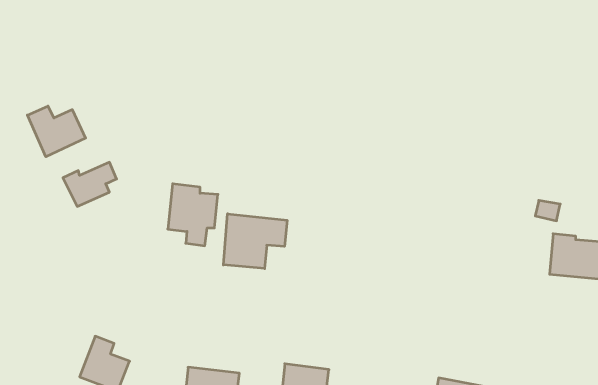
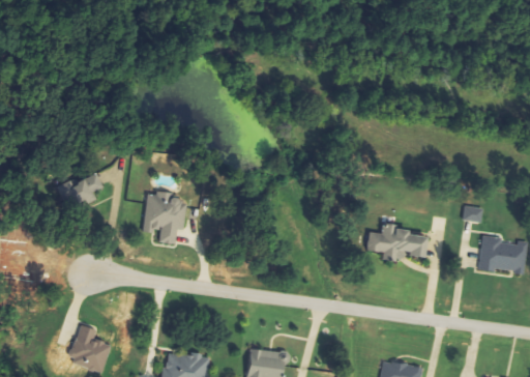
building: [27,106,86,157] -> none
building: [223,214,287,269] -> none
building: none -> [370,225,433,260]

